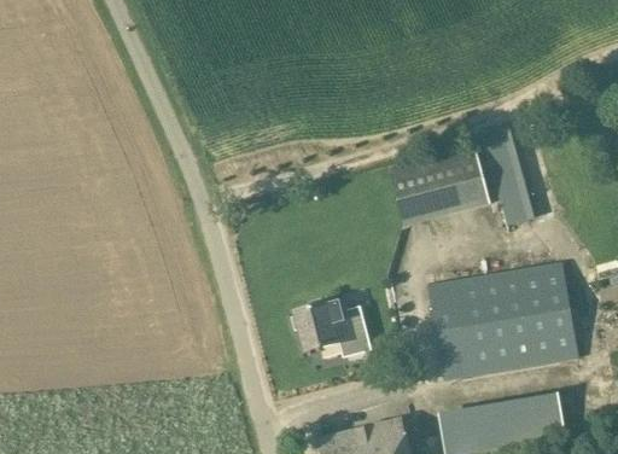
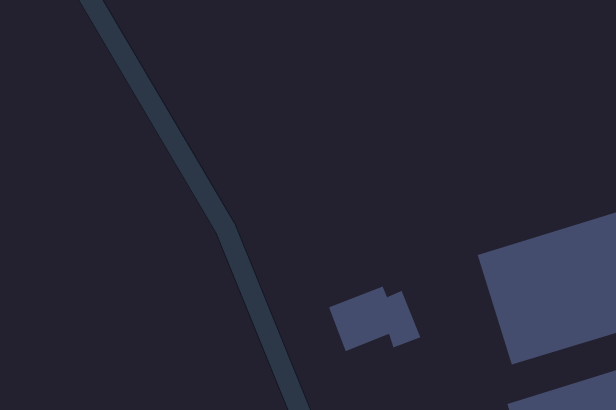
building: [480,123,535,227] -> none
building: [390,149,488,223] -> none

